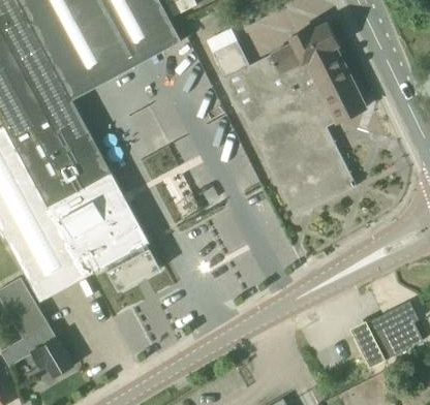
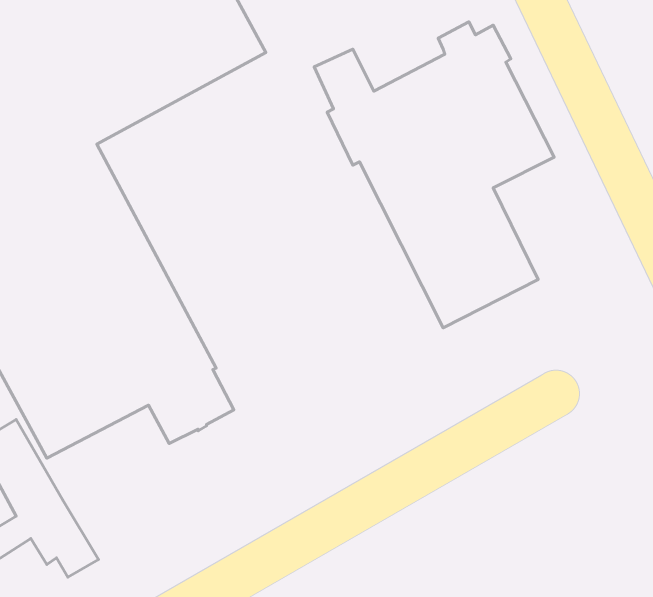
building: [350,297,414,364] -> none

